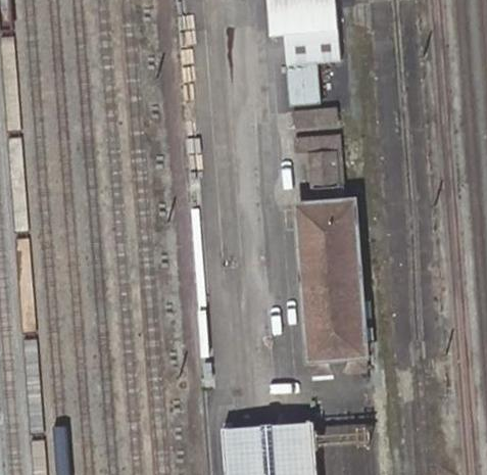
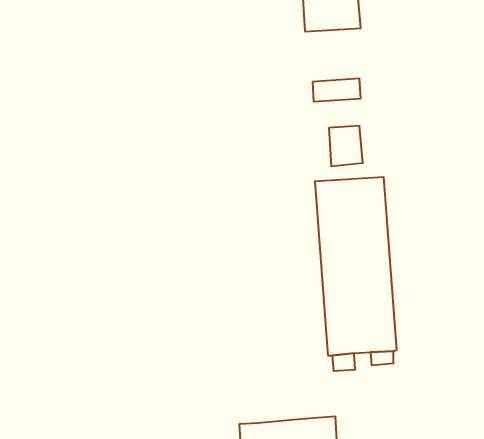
building: [285,60,320,104] -> none
building: [292,133,343,185] -> none

